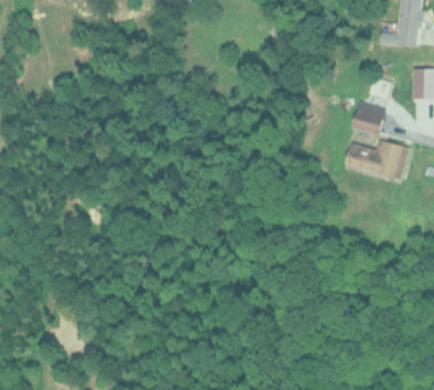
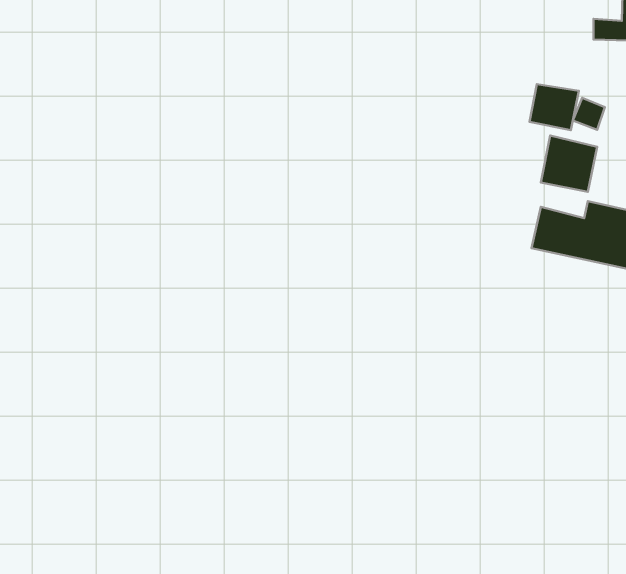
building: none -> [530,84,579,130]

